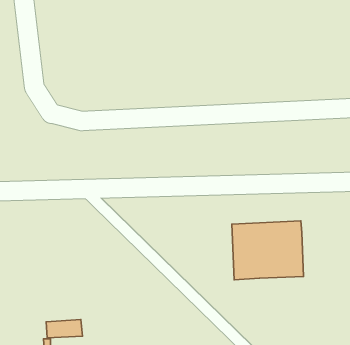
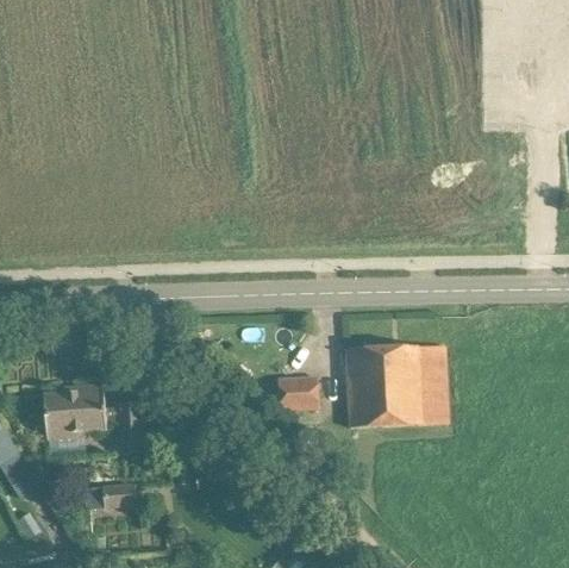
building: none -> [276,377,318,411]
building: none -> [43,385,144,452]

